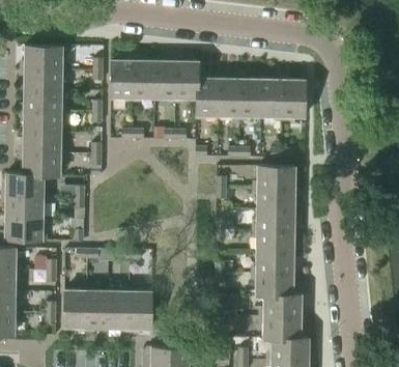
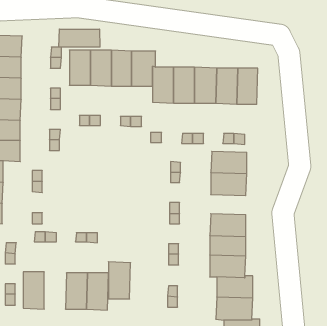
building: none -> [59,29,100,47]
building: [258,210,294,231] -> none
building: [86,290,109,329] -> [108,262,131,299]

